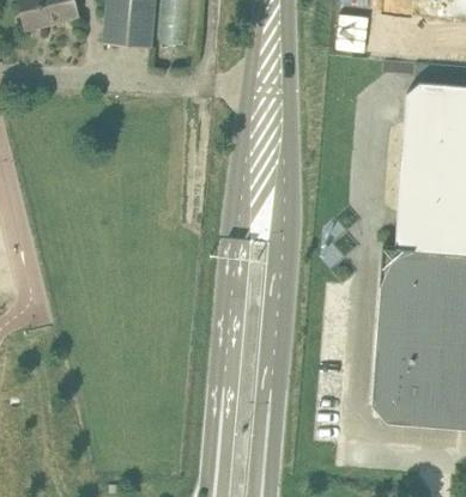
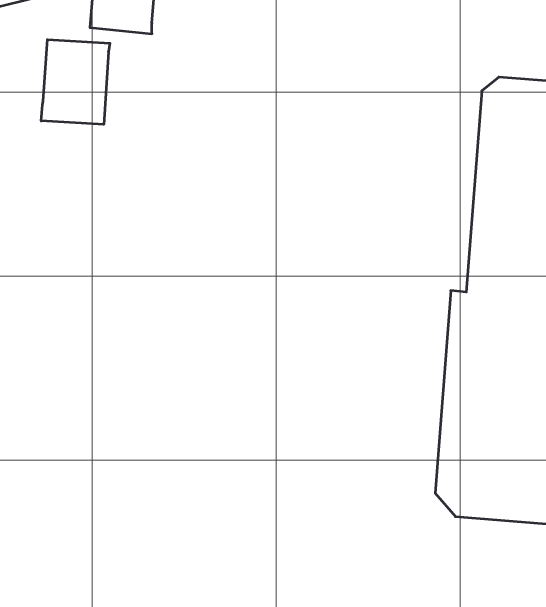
building: none -> [41,40,110,124]

